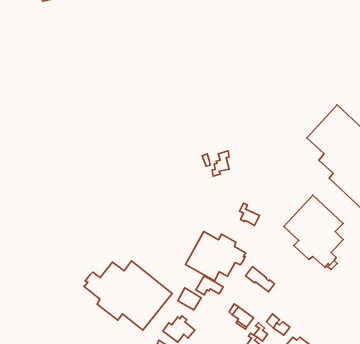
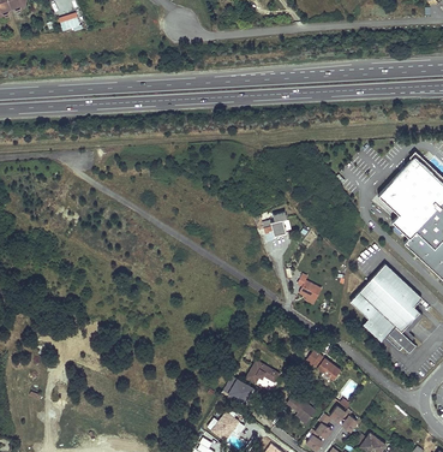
building: [185,232,246,281] -> none
building: [84,261,172,330] -> none

